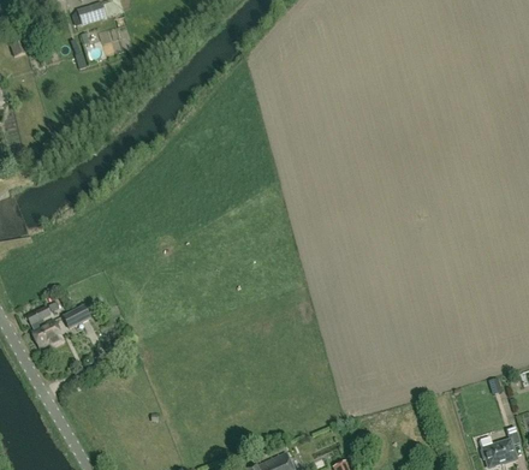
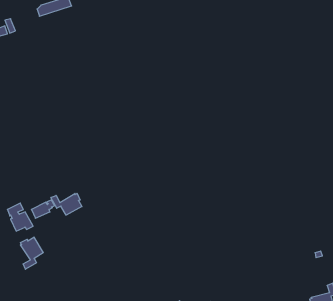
building: none -> [51,193,82,215]
building: none -> [20,237,43,269]

